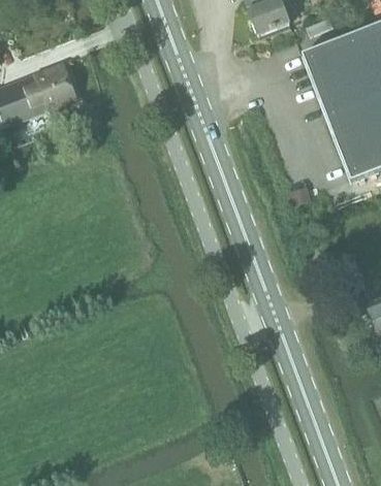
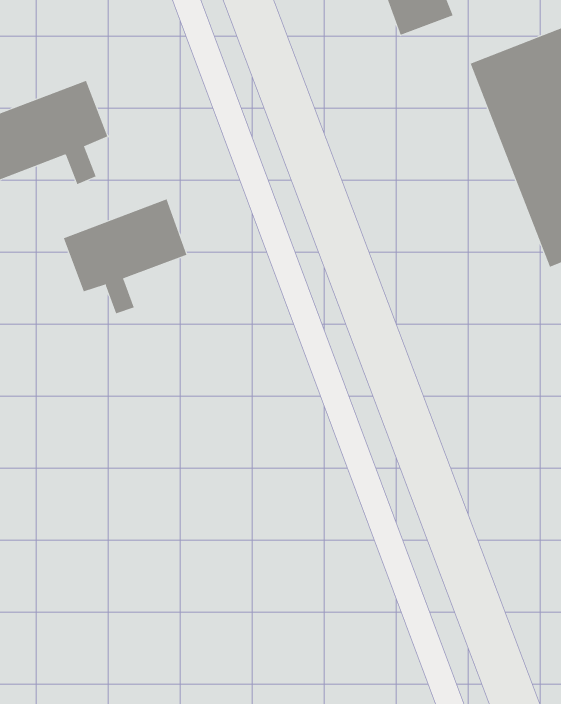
building: none -> [63,199,187,314]

